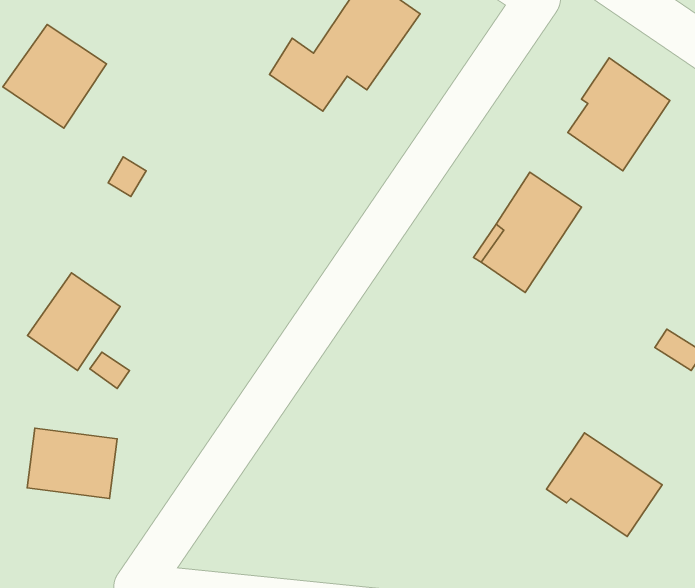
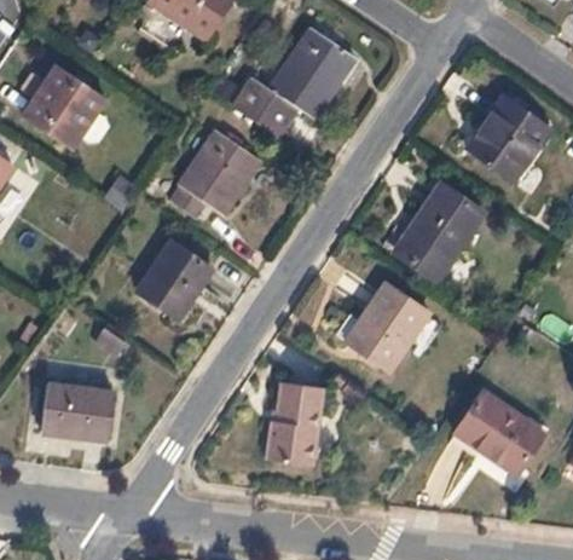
building: none -> [170,132,257,219]
building: [27,273,120,370] -> [137,243,210,321]
building: none -> [346,283,428,369]
building: none -> [266,382,324,464]

